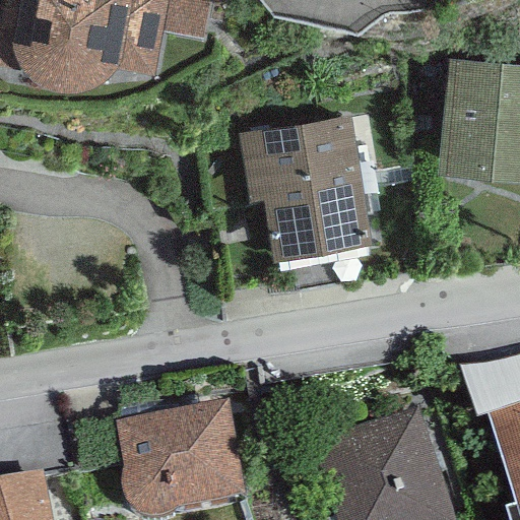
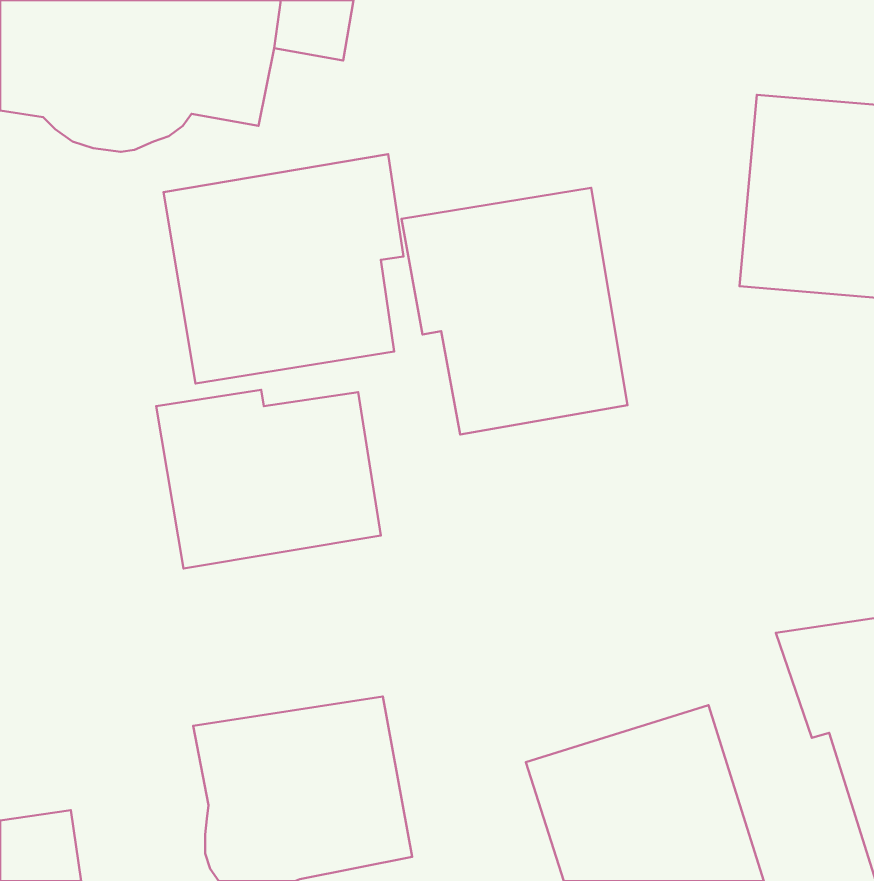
building: none -> [164,154,404,383]
building: none -> [156,390,381,568]

